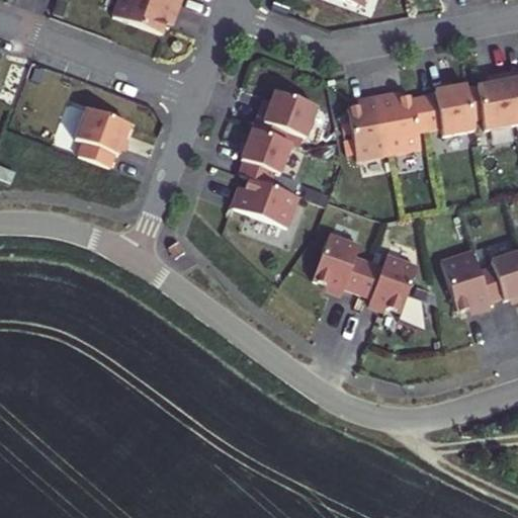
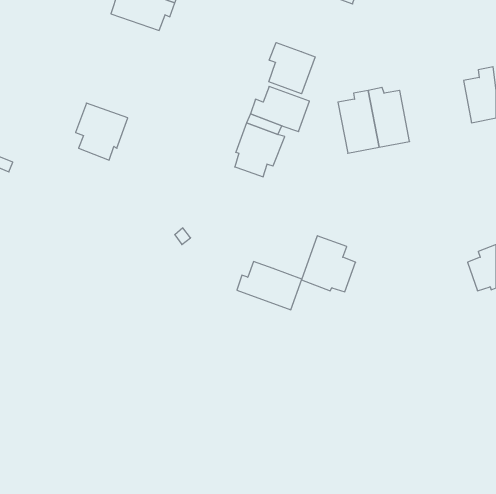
building: none -> [269,43,315,94]
building: [431,82,476,132] -> none
building: [234,175,300,225] -> [237,262,302,310]
building: [443,249,494,311] -> none
building: [355,264,415,321] -> none

